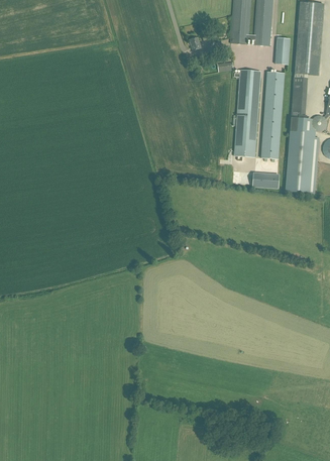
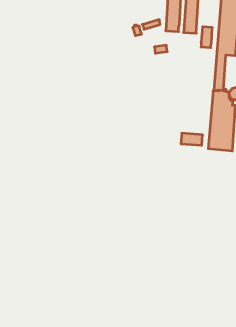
building: [233,70,259,156] -> none
building: [260,72,284,158] -> none

